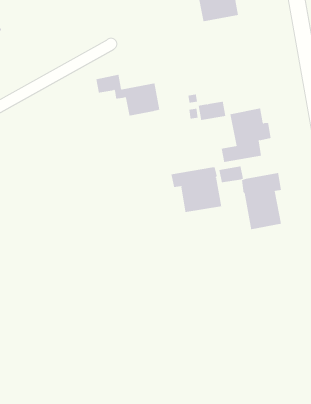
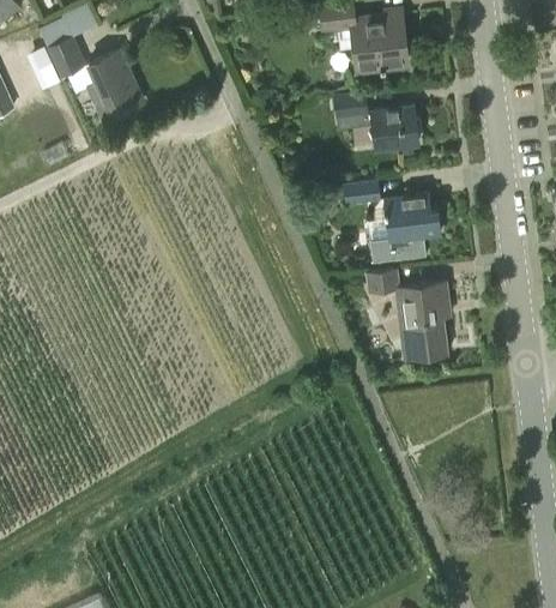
building: none -> [89,52,144,120]
building: [96,74,160,116] -> [334,92,419,150]
building: [171,167,222,213] -> none

